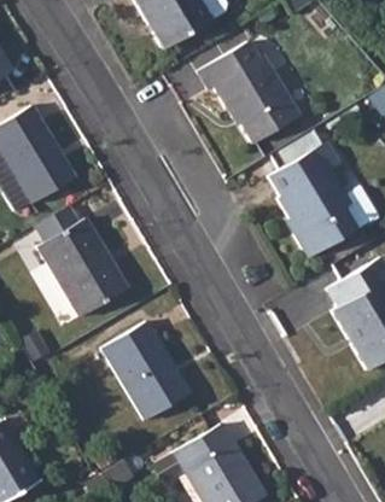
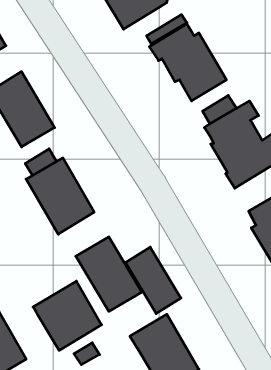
building: none -> [125,247,181,314]
building: none -> [33,281,102,350]

